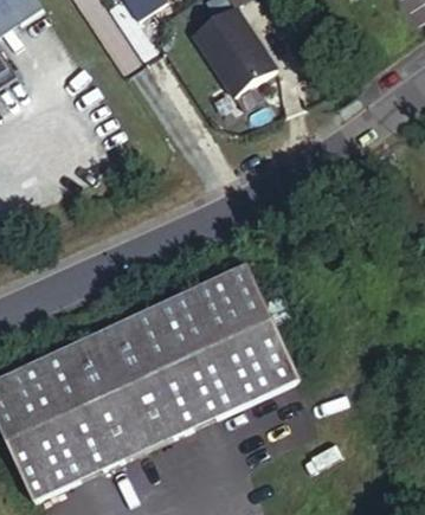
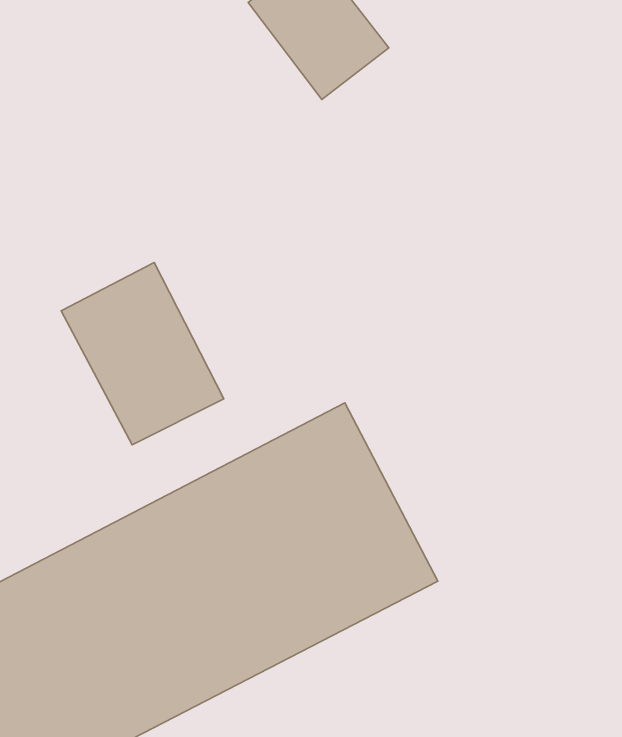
building: none -> [61,263,224,445]

